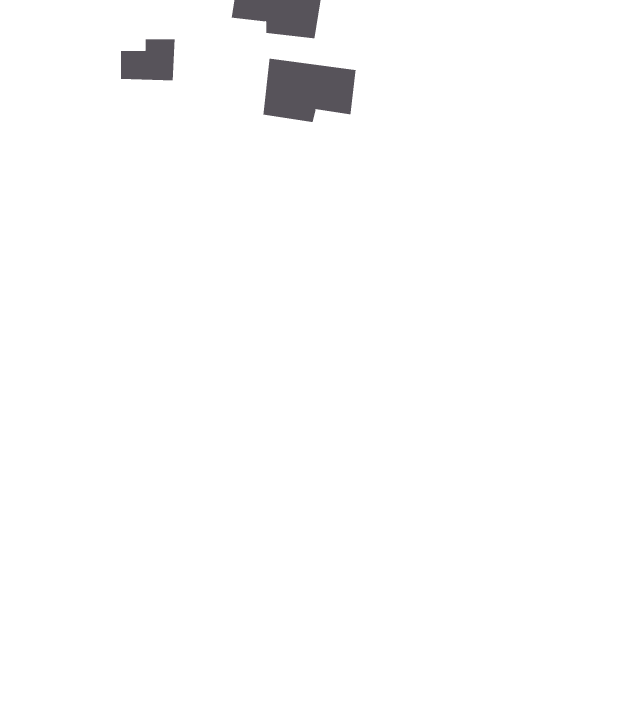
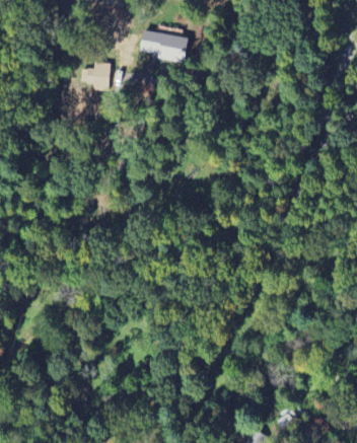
building: [263,58,356,123] -> none

